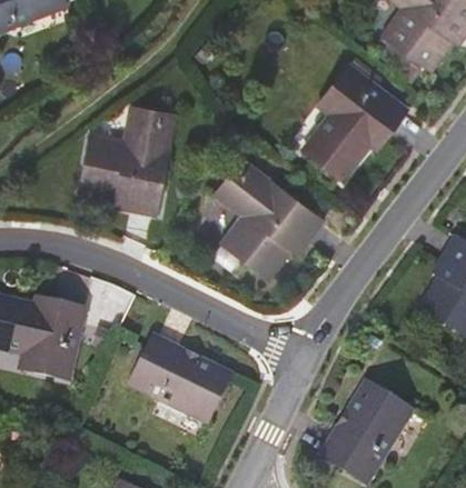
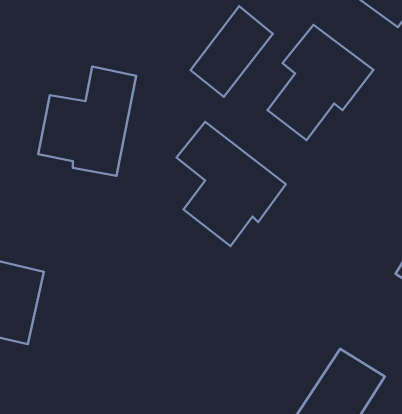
building: none -> [191,6,273,97]
building: [128,339,228,422] -> none

